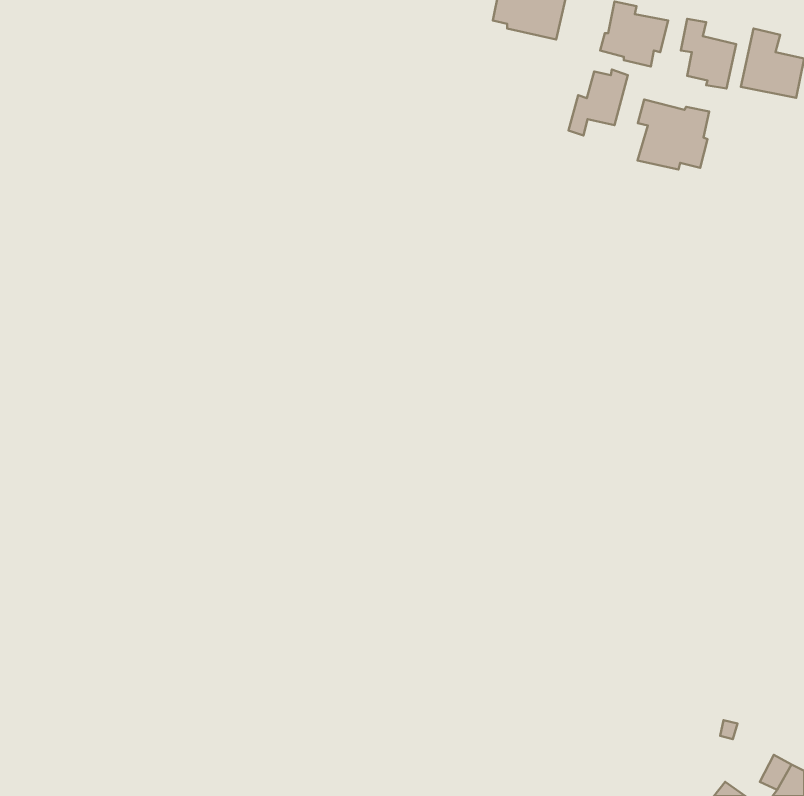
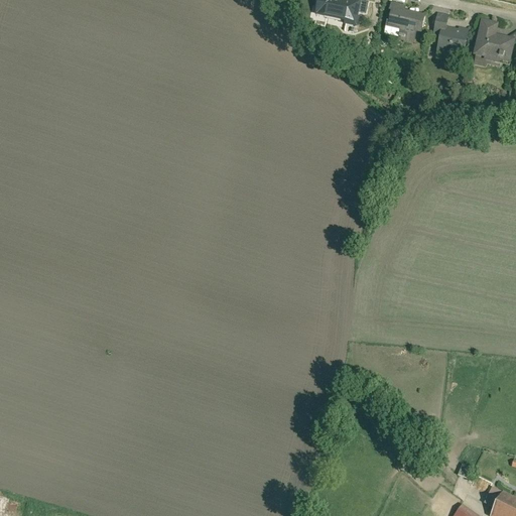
building: [568,70,628,135] -> none
building: [637,99,709,170] -> none

